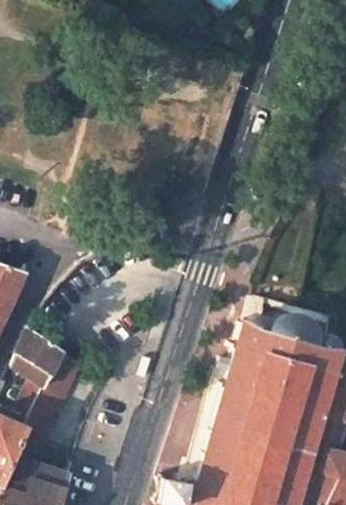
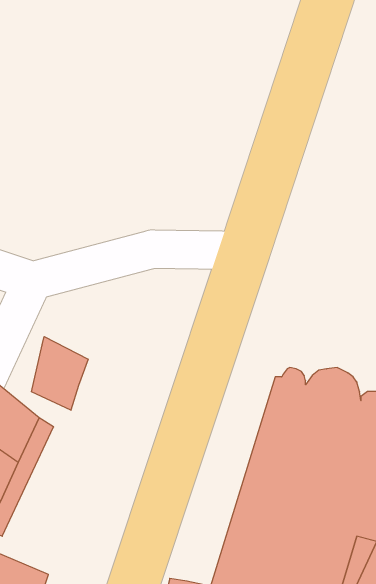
building: none -> [32,337,88,410]

